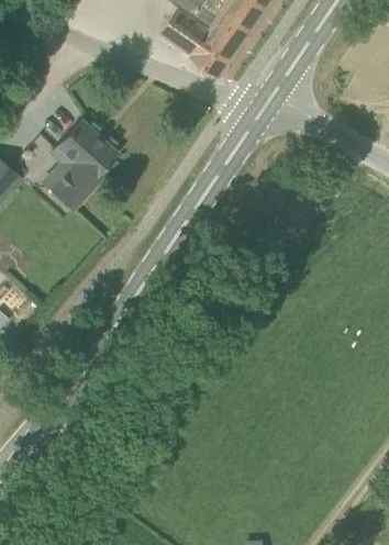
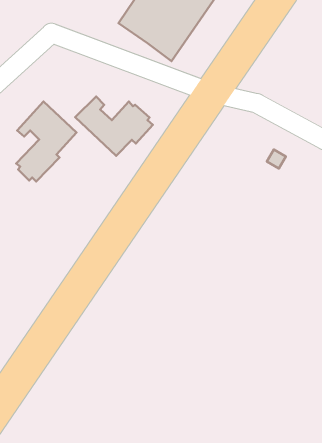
building: none -> [75,97,153,156]

